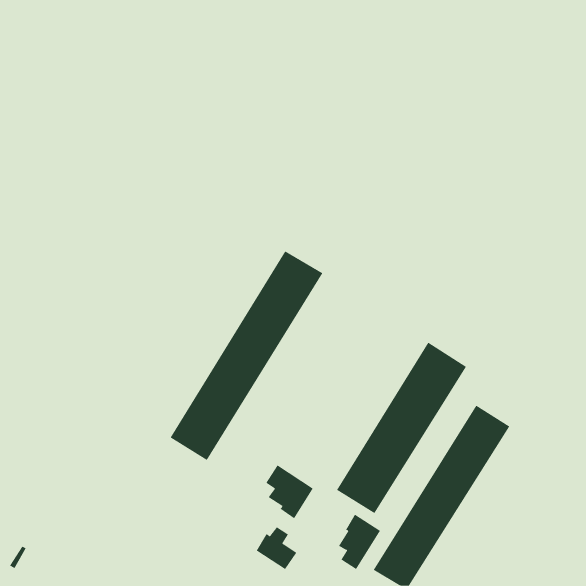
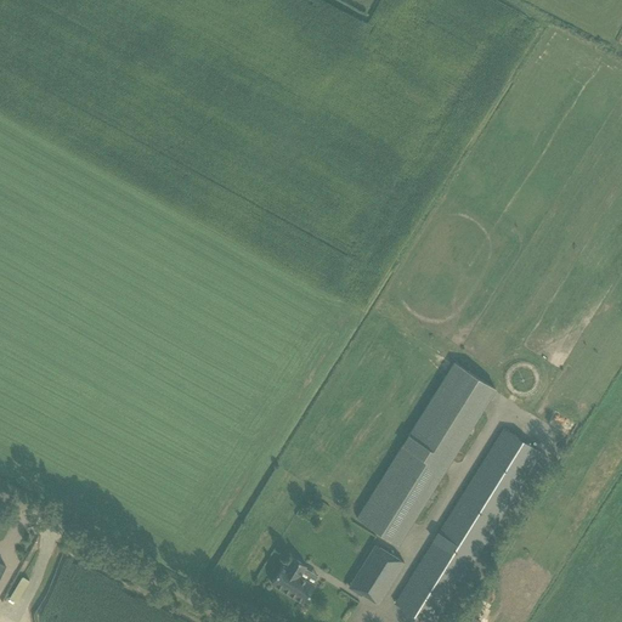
building: [170,250,323,461] -> none
building: [266,465,313,519] -> none

